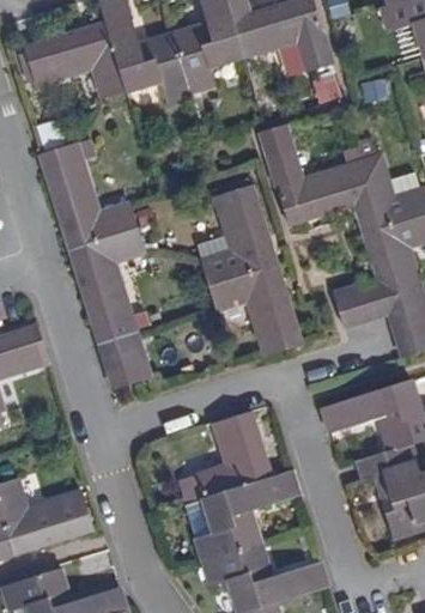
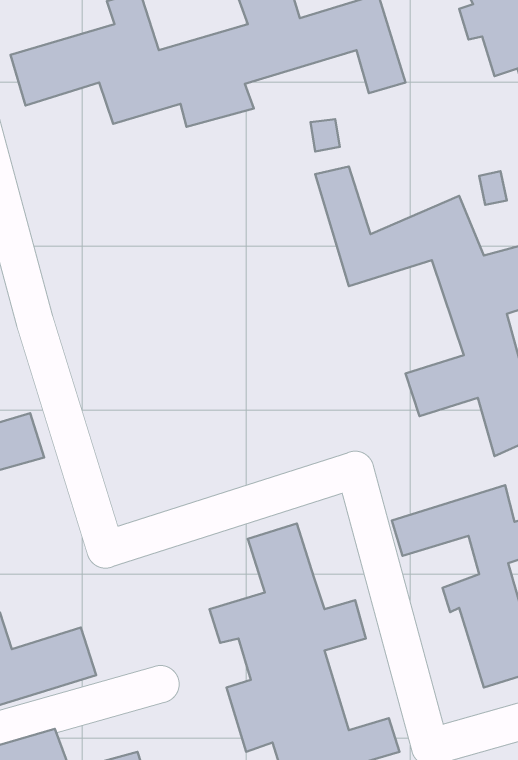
building: [41,144,152,390] -> none
building: [202,180,299,357] -> none

